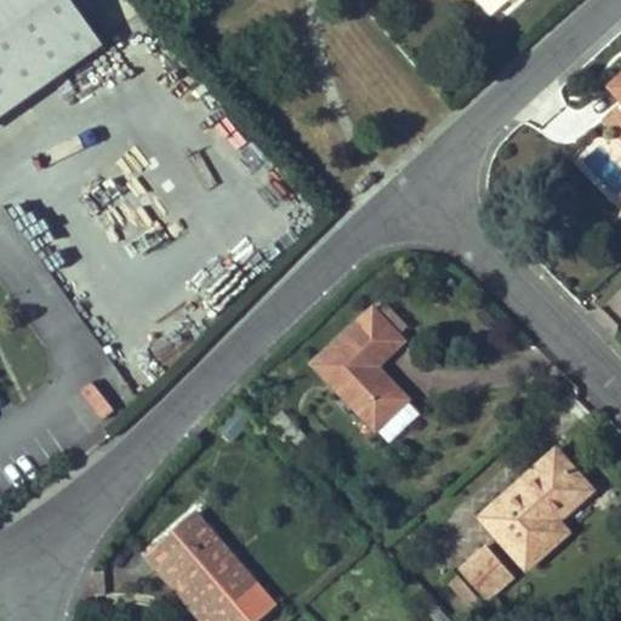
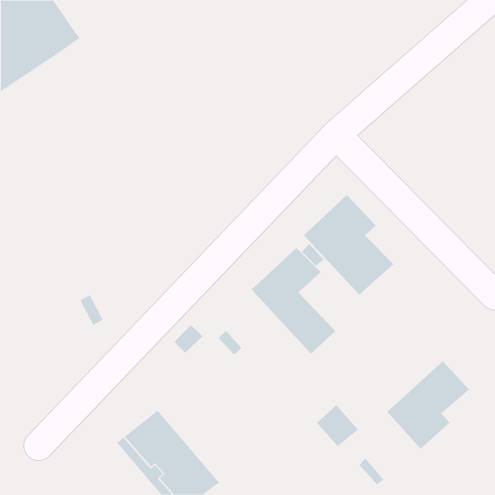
building: none -> [303,194,394,296]
building: [461,545,514,598] -> [316,404,359,447]

